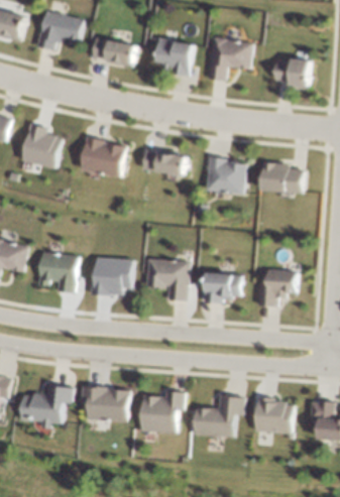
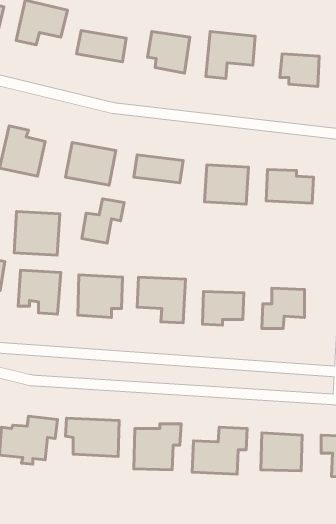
building: none -> [82,199,124,243]
building: none -> [14,212,60,255]

